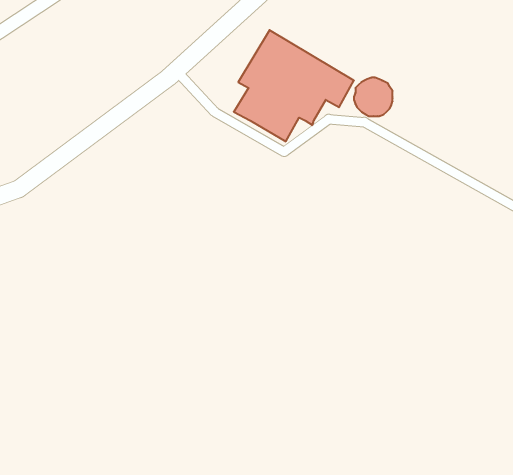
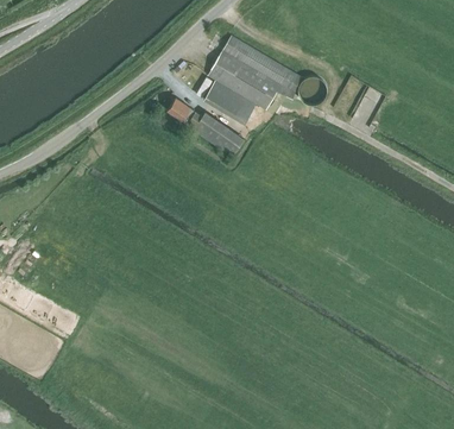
building: none -> [166,97,244,156]

